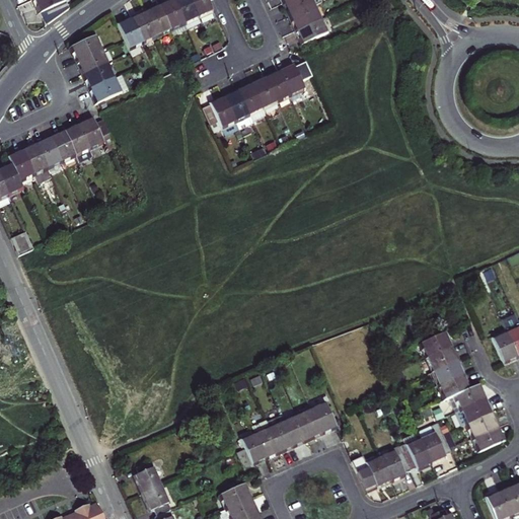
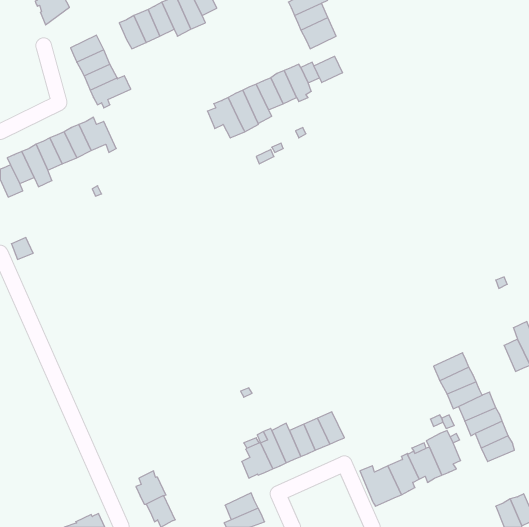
building: none -> [314,56,342,83]
building: [419,330,453,358] -> none

